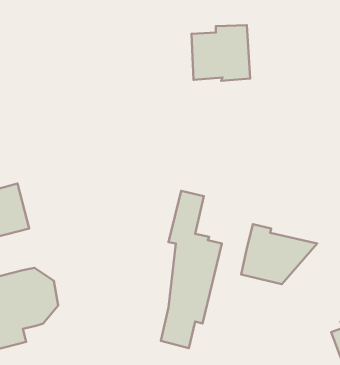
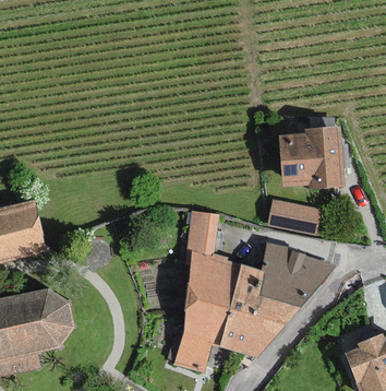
building: [191,25,250,81] -> [281,128,341,185]
building: none -> [269,200,319,233]
building: none -> [218,263,299,354]

